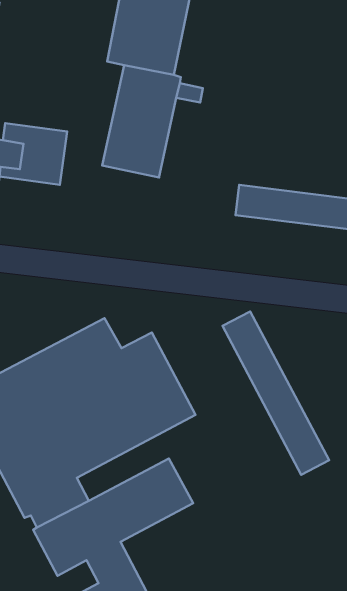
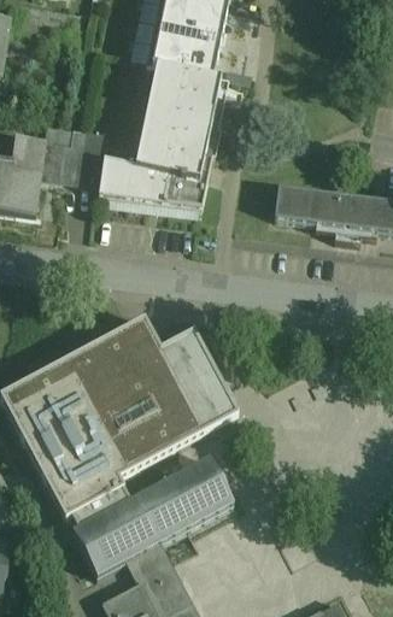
building: none -> [98,158,206,206]
building: [222,311,329,475] -> none

